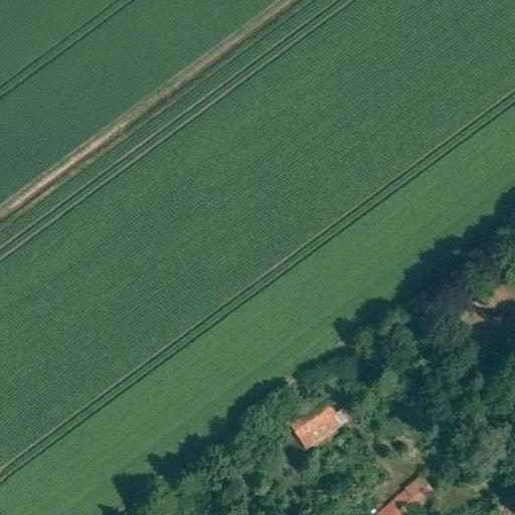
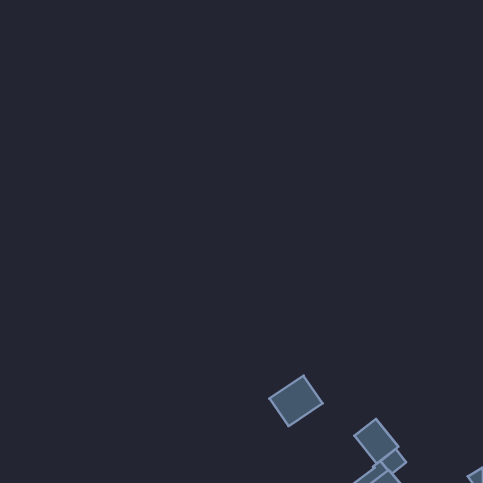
building: none -> [354,419,398,463]

